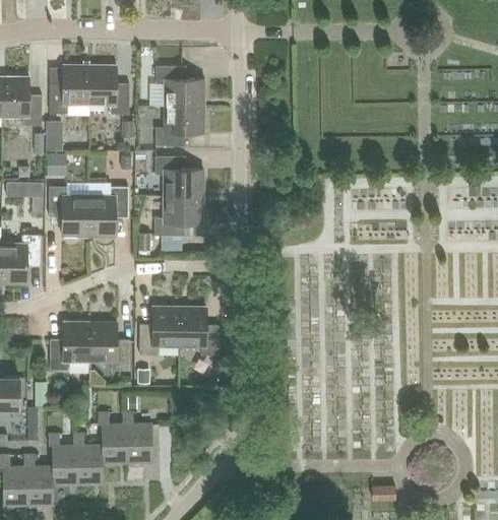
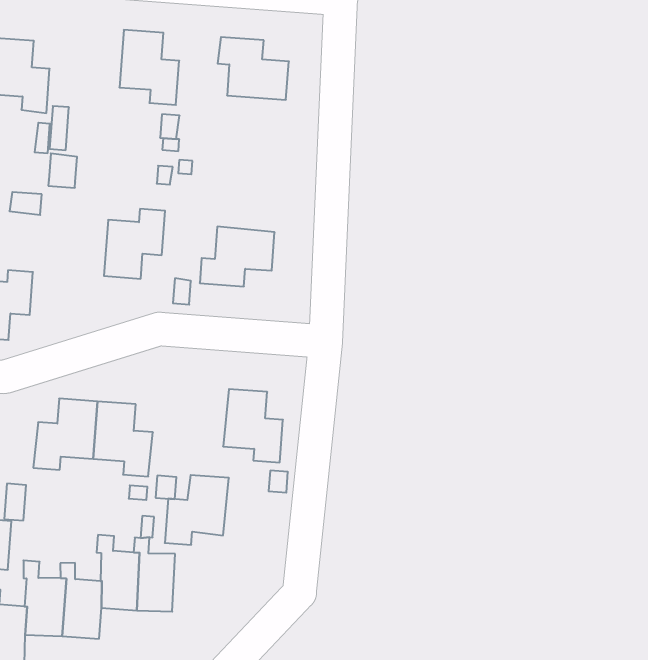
building: [50,65,89,114] -> none
building: [155,105,204,144] -> none
building: [155,156,204,196] -> none
building: [49,187,88,235] -> none
building: [139,306,180,353] -> [165,475,229,545]

